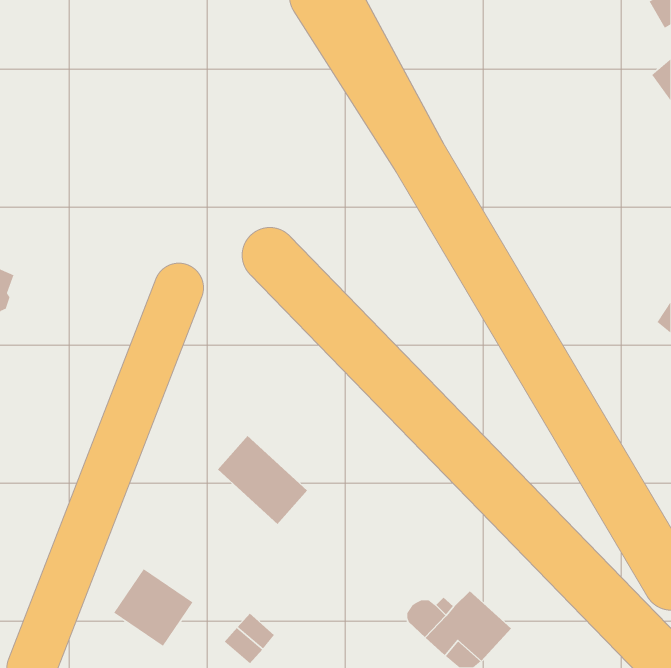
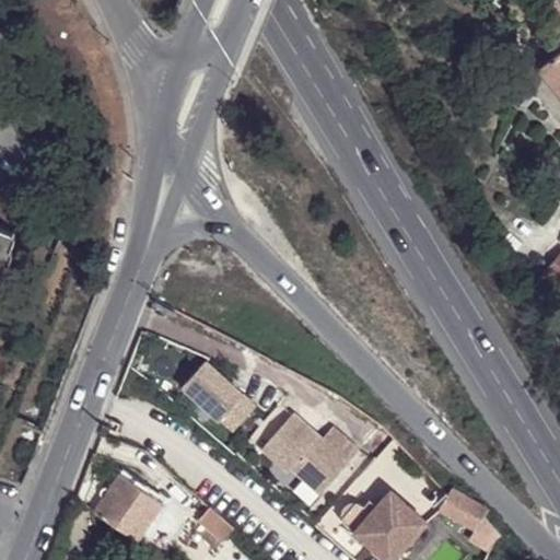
building: none -> [262,419,359,498]
building: none -> [440,490,486,529]

